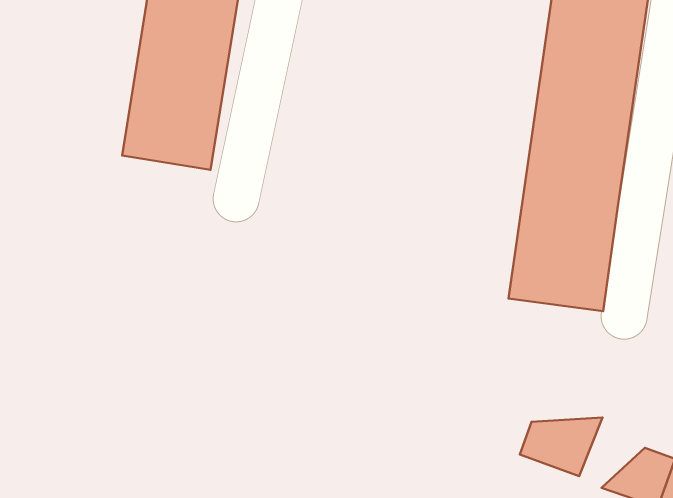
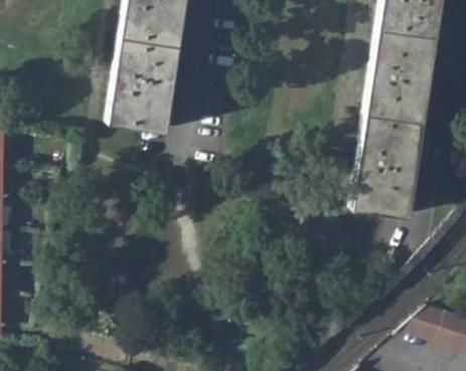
building: [520,417,602,476] -> none

